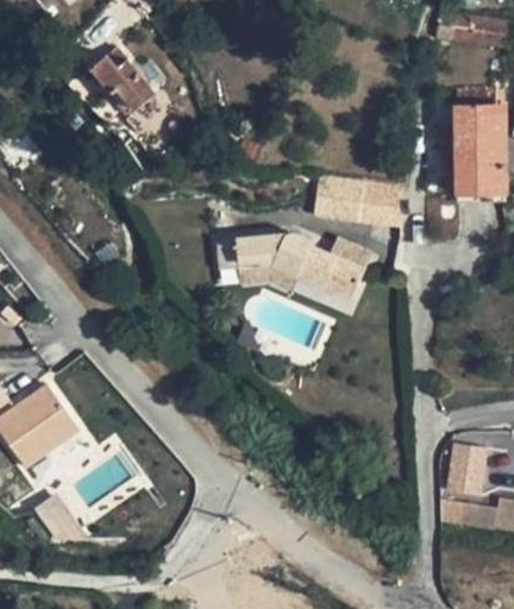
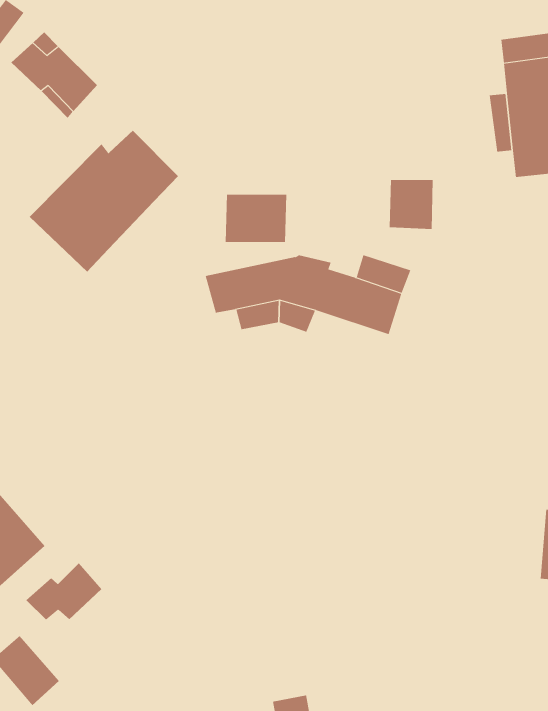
building: none -> [29,130,179,272]
building: [313,180,363,220] -> [225,194,287,242]
building: none -> [26,563,102,621]

